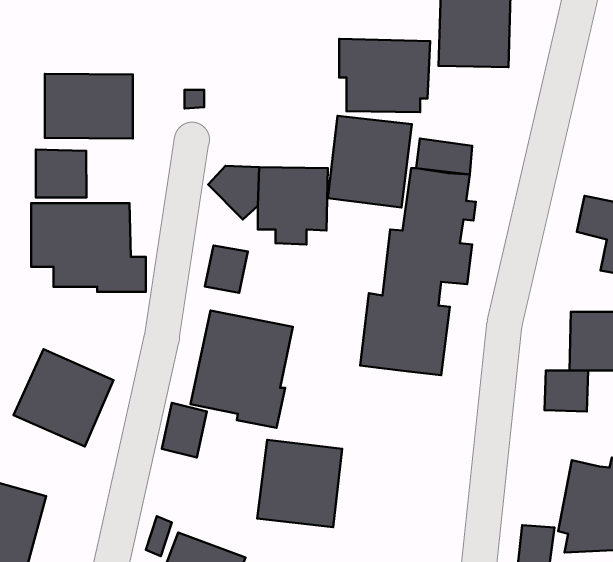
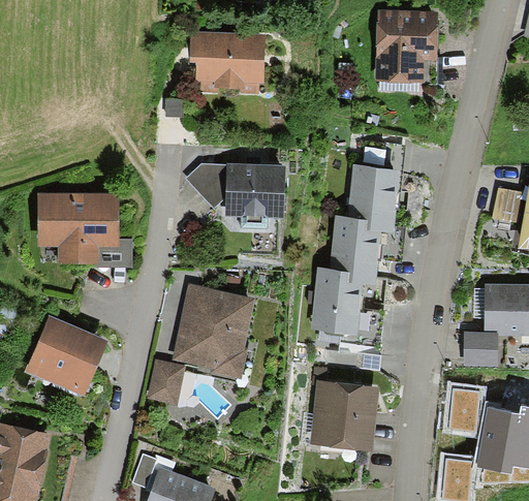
building: [339,39,430,112] -> [189,31,264,92]
building: [45,74,133,138] -> none
building: [328,116,412,208] -> none
building: [36,149,86,198] -> none
building: [205,245,248,293] -> none
building: [257,440,342,527] -> [308,381,378,453]
building: none -> [448,390,479,432]

